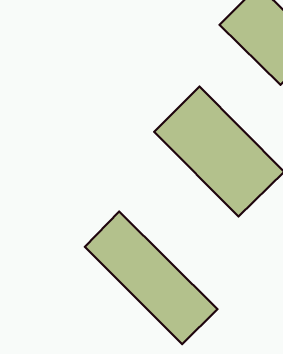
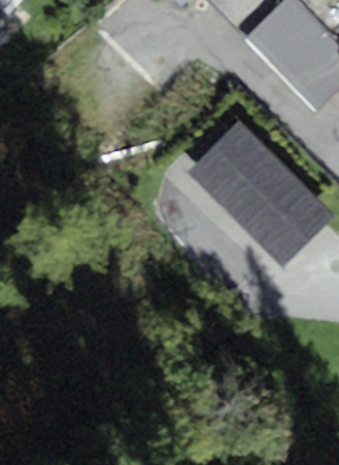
building: [85,212,217,344] -> none

